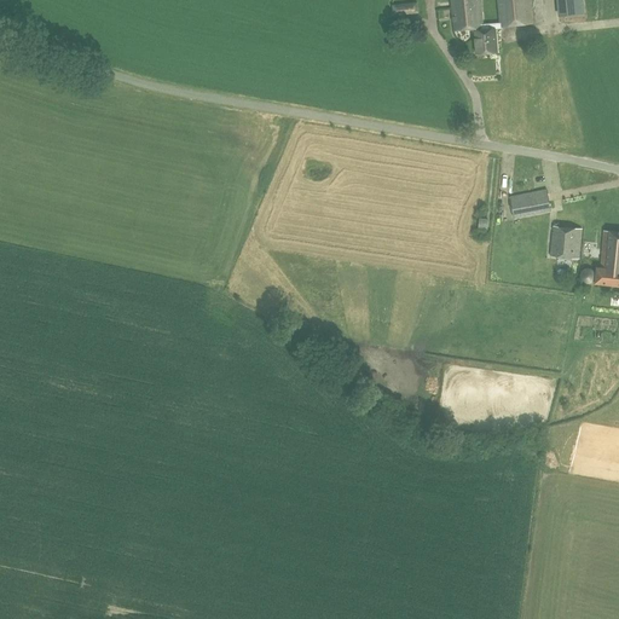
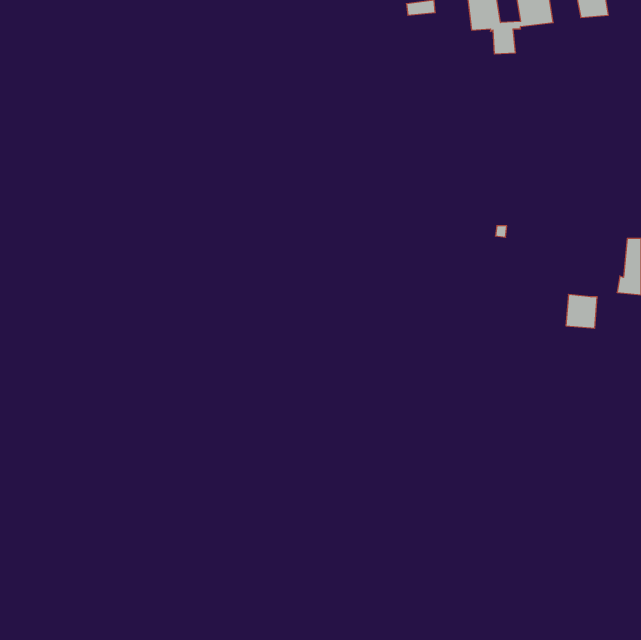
building: [510,190,539,216] -> none
building: [551,225,582,258] -> [566,294,597,328]

